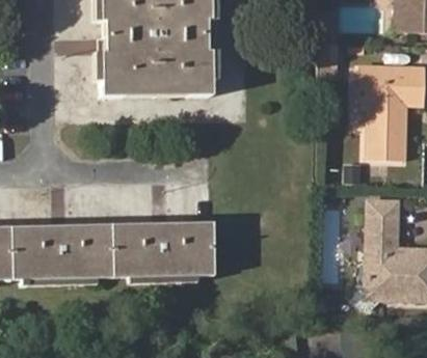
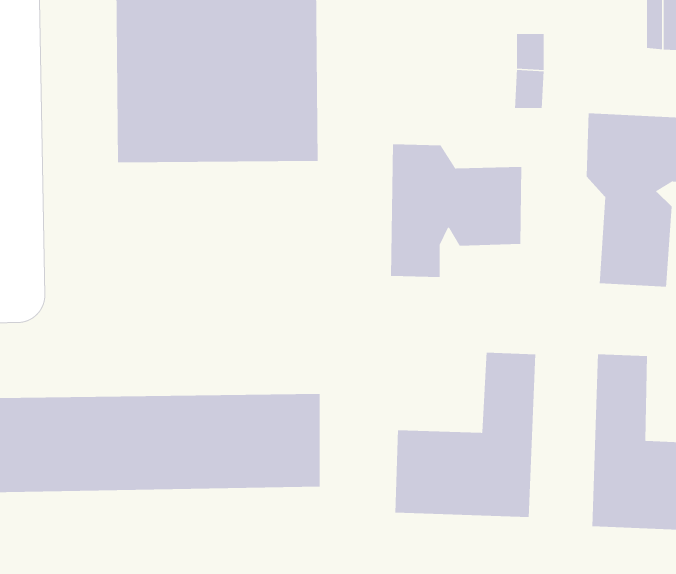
building: none -> [390,143,522,278]
building: none -> [395,352,536,518]

